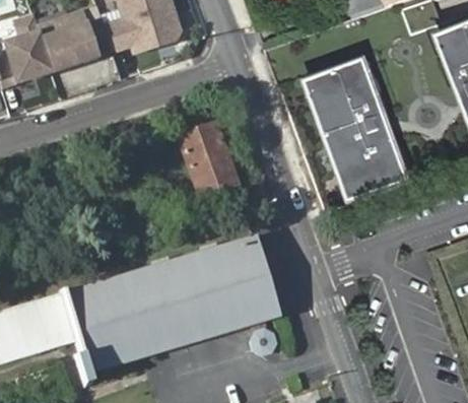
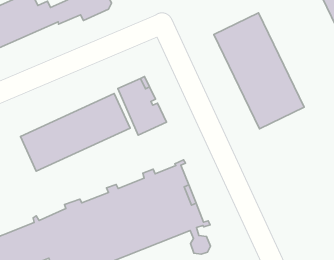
building: none -> [20,93,130,171]

